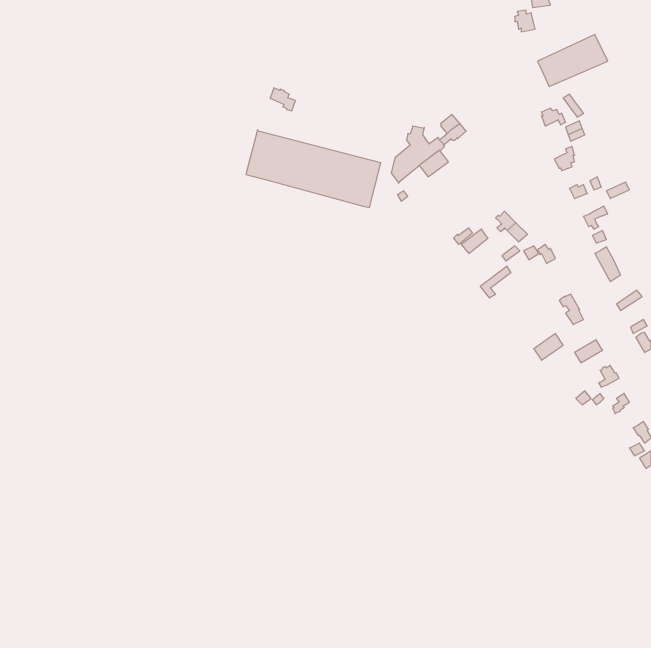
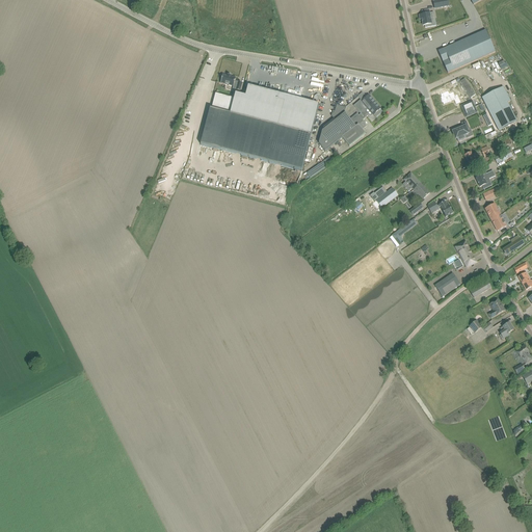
building: none -> [211,84,319,133]
building: none -> [482,84,516,128]

